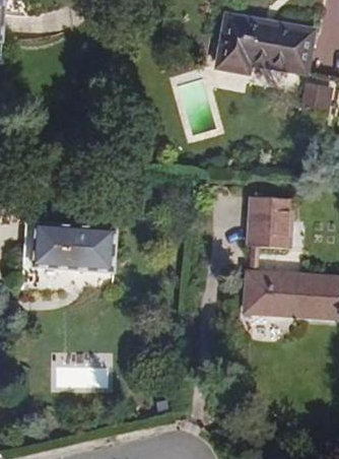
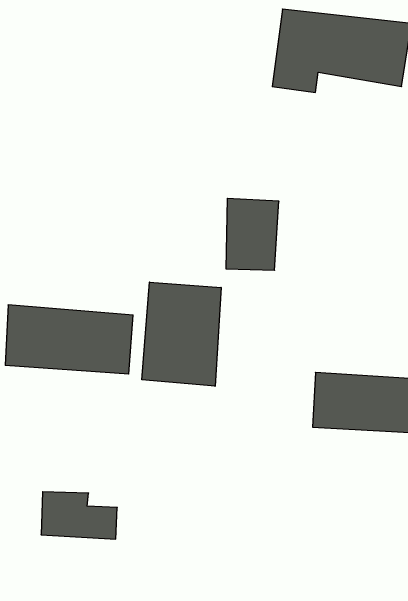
building: [248,193,285,244] -> [226,198,279,270]
building: none -> [142,282,221,386]

